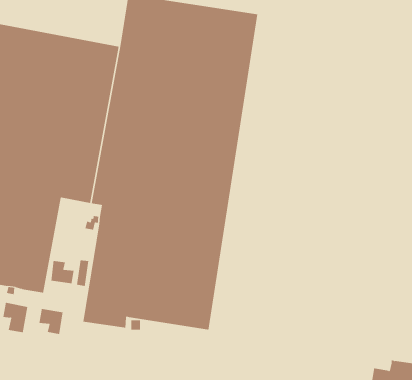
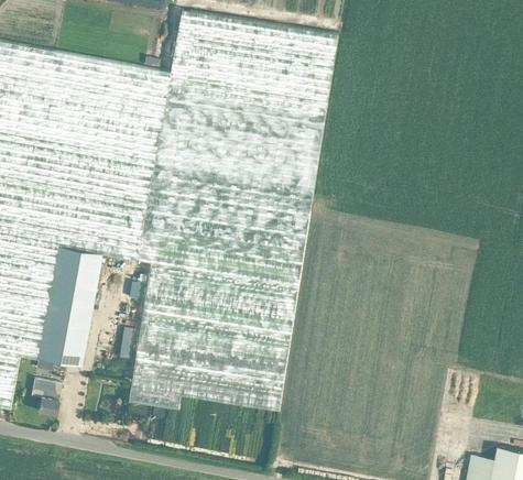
building: [51,260,74,284] -> none
building: [39,308,63,335] -> none

